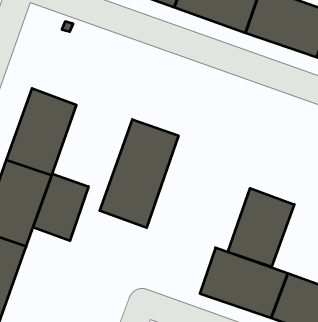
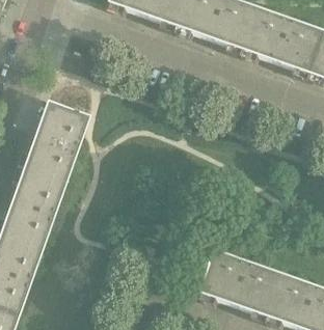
building: [100,119,178,228] -> none
building: [33,174,88,241] -> none
building: [228,188,294,267] -> none

